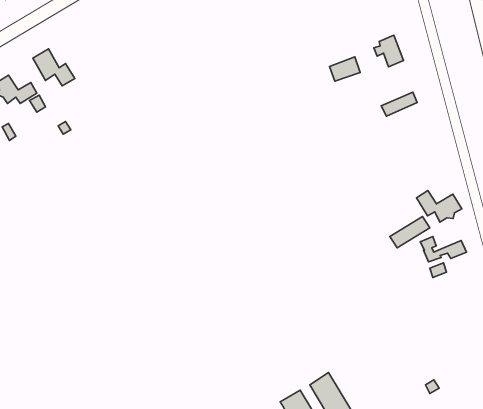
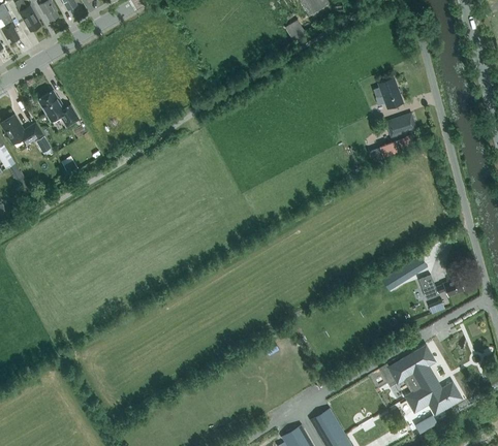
building: [330,57,360,81] -> [386,114,416,137]
building: [417,191,462,222] -> none
building: none -> [390,347,461,416]

